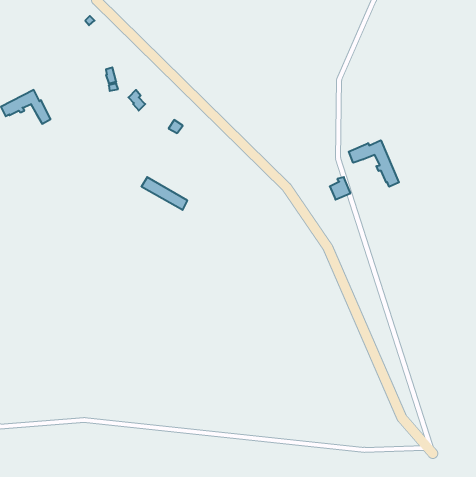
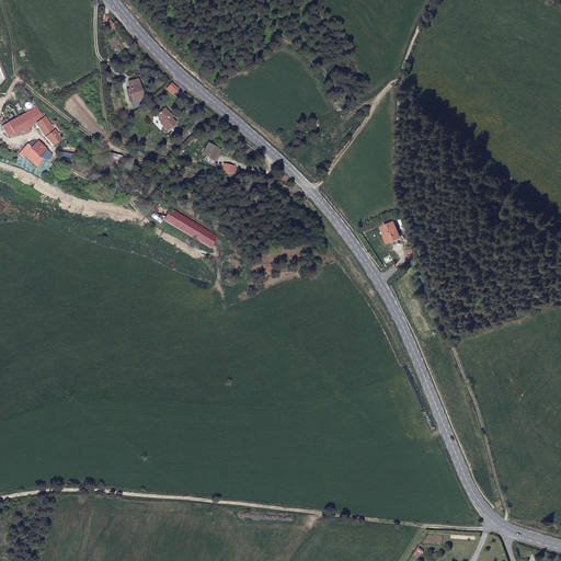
building: none -> [13,142,49,164]
building: [349,140,399,187] -> none

